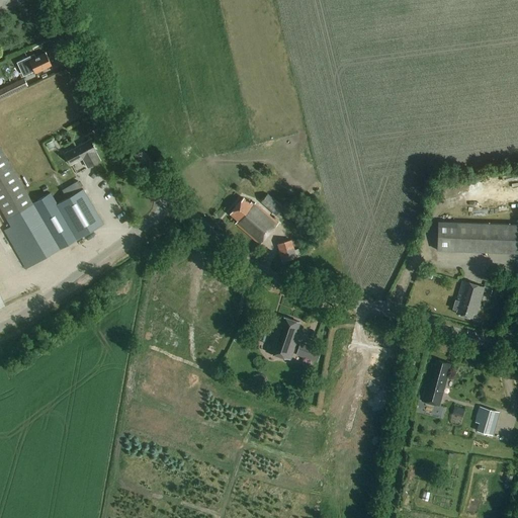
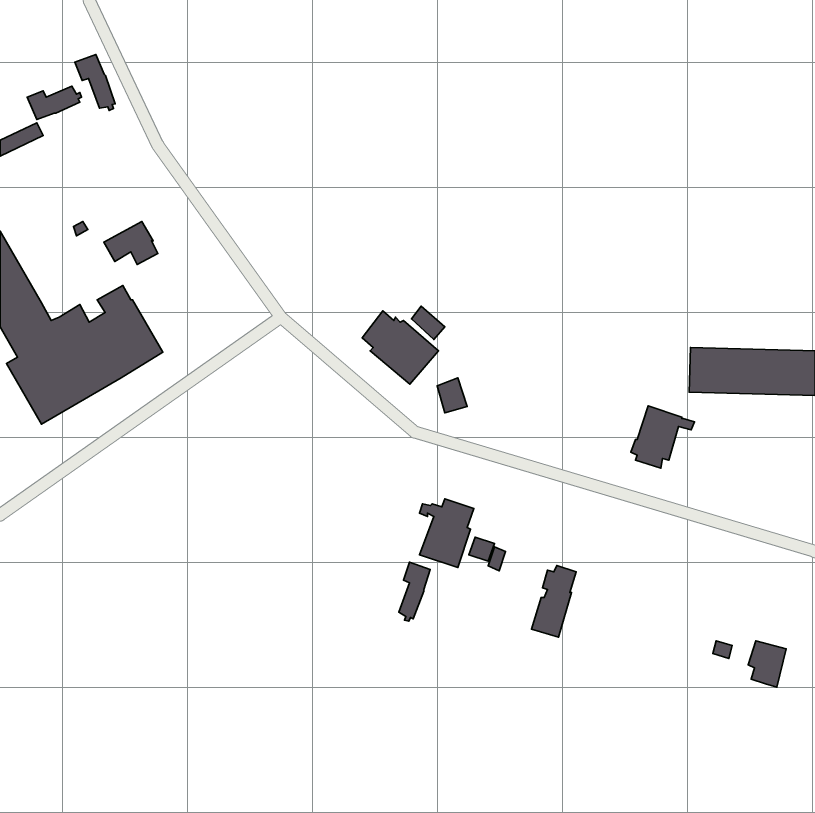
building: none -> [75,55,115,111]
building: [452,280,493,320] -> [631,406,694,468]
building: none -> [399,562,430,621]
building: [422,361,450,407] -> [531,565,576,637]

